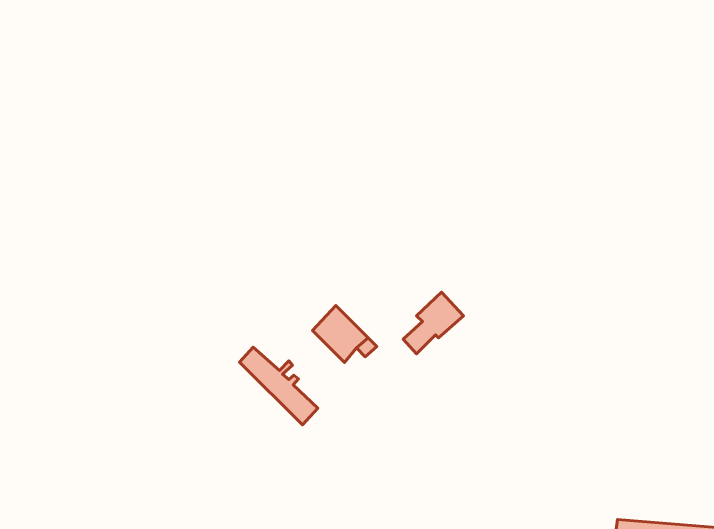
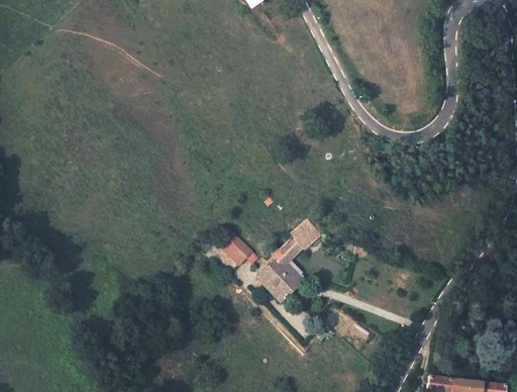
building: [240,347,318,425] -> none
building: none -> [260,261,300,301]

